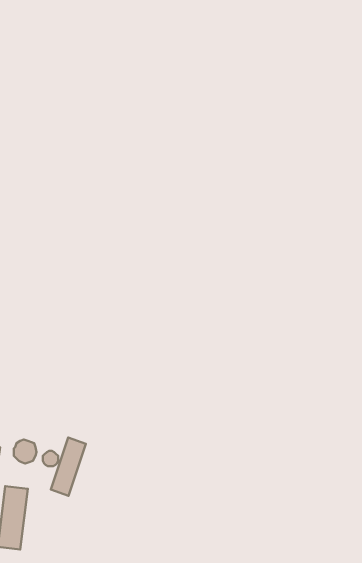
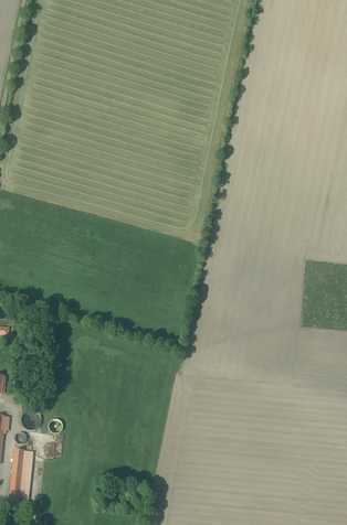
building: [51,437,86,496] -> none

